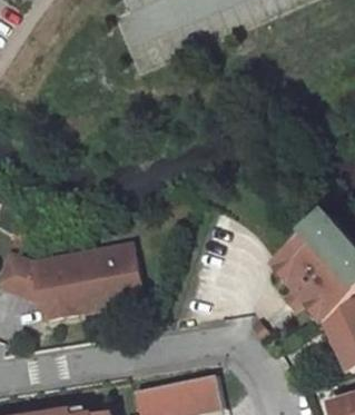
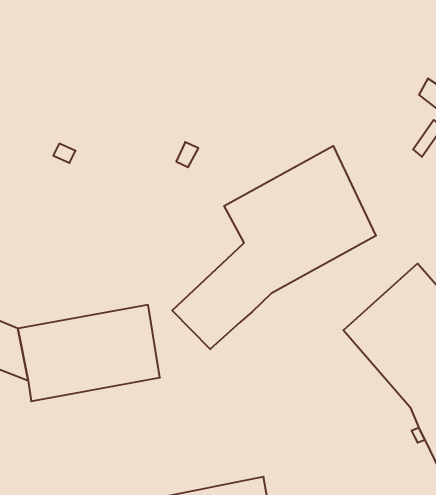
building: none -> [172,146,376,349]

